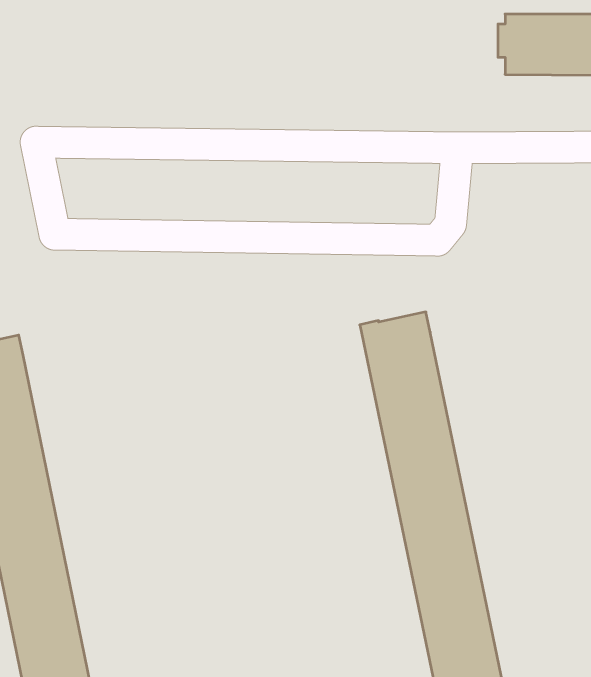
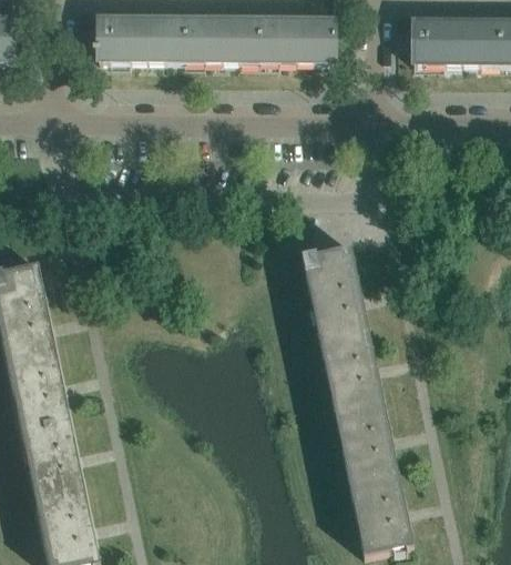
building: none -> [92,13,334,62]

